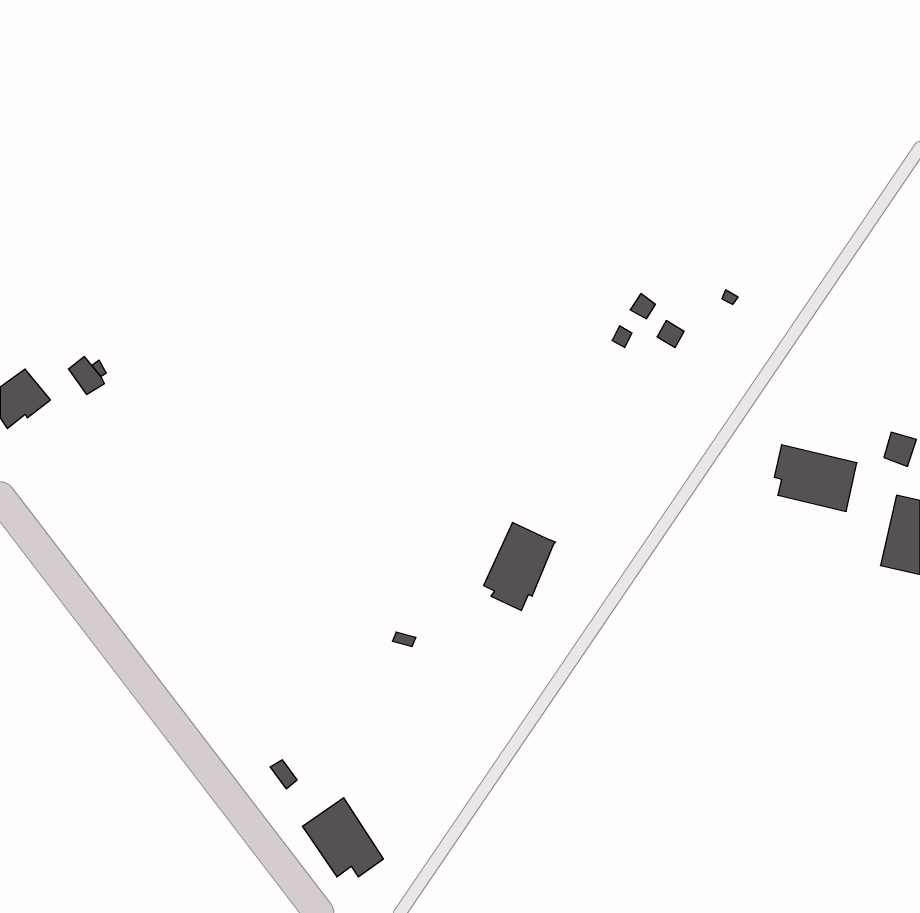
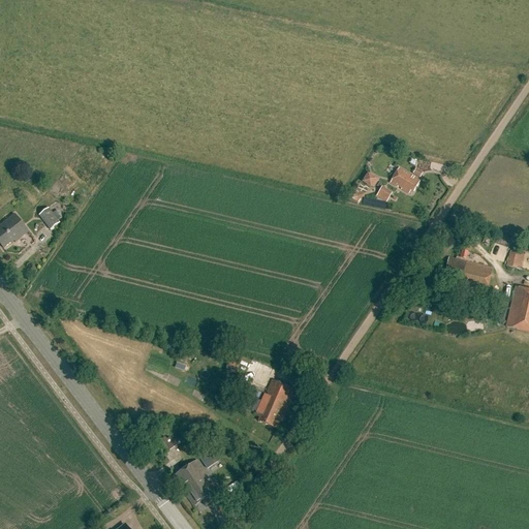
building: none -> [390,165,419,190]
building: [484,522,556,611] -> [255,376,297,427]

